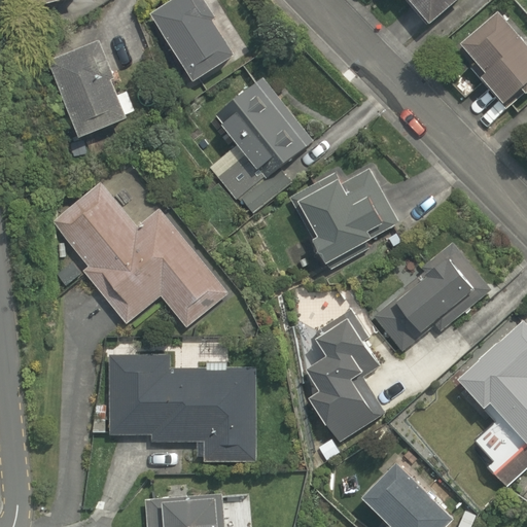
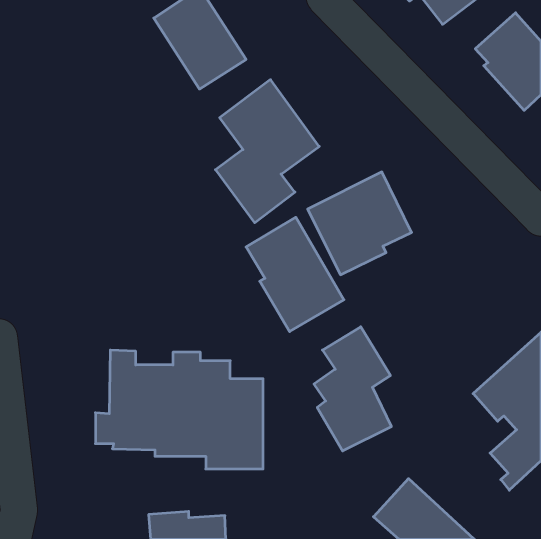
building: [52,43,135,140] -> none
building: [54,164,233,326] -> none
building: none -> [246,217,344,332]
building: [371,257,472,350] -> none

